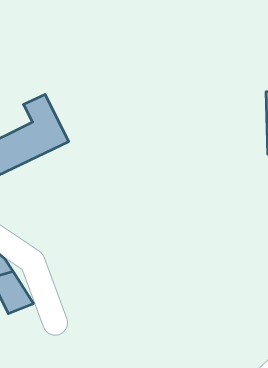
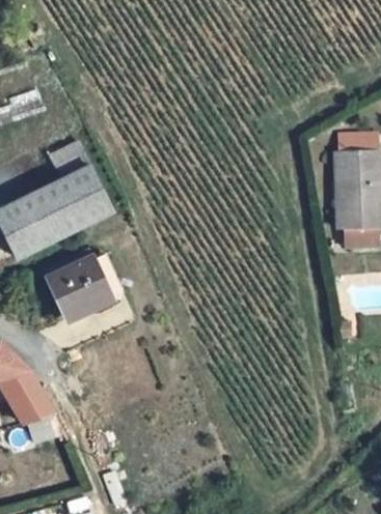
building: none -> [36,251,102,313]

